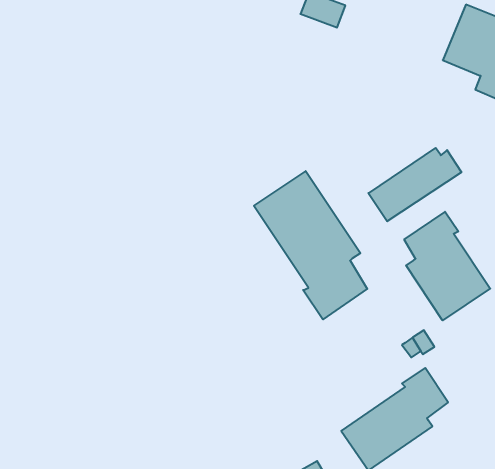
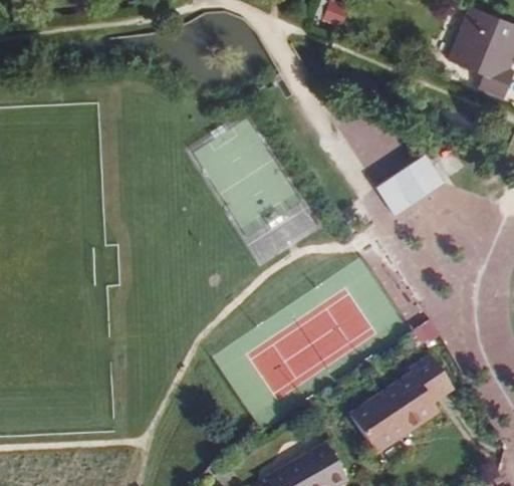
building: [254,171,367,319] -> none
building: [404,212,490,320] -> none

